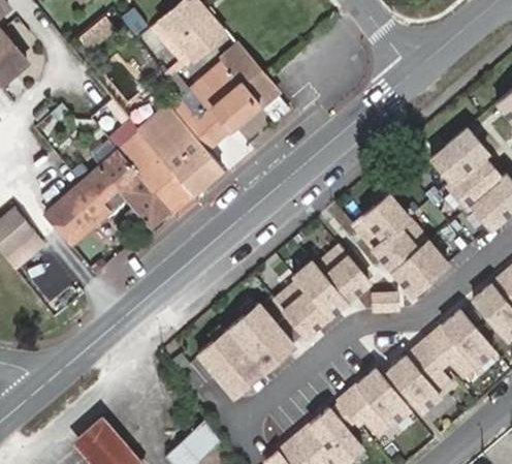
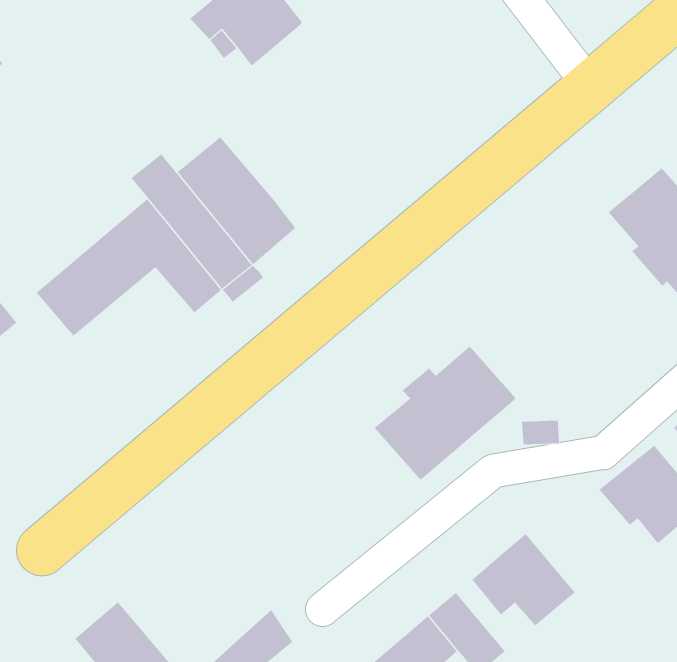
building: [165,48,288,149] -> none
building: [352,193,446,292] -> none
building: [198,303,293,397] -> none
building: [387,342,452,413] -> none

